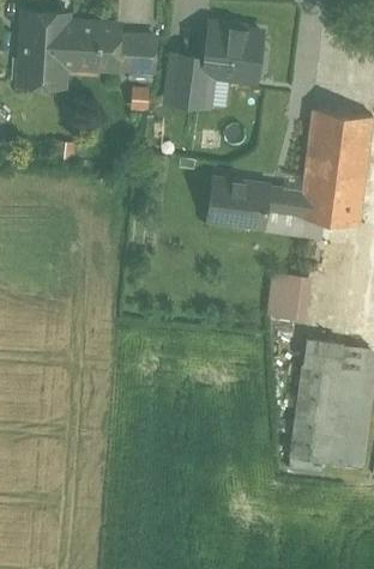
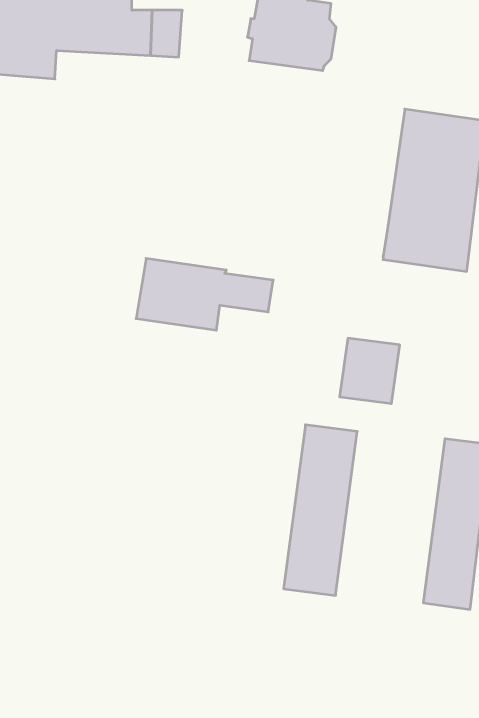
building: [167,55,205,108] -> none
building: [204,177,302,229] -> [136,258,273,330]
building: [290,341,343,464] -> [284,425,357,595]

